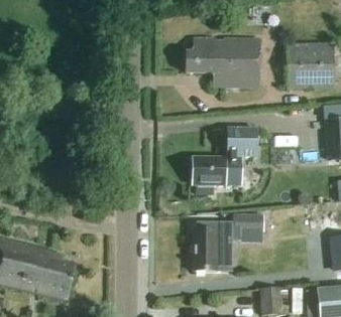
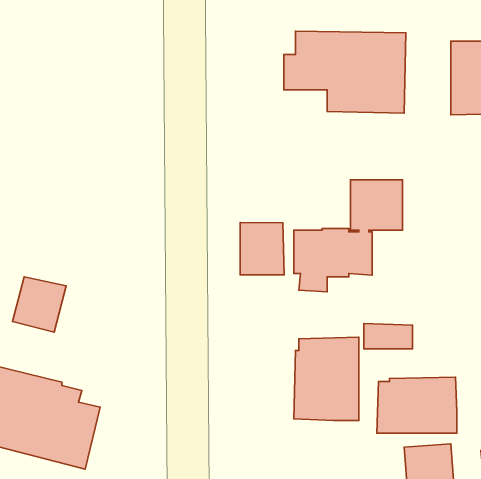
building: none -> [240,223,284,275]
building: none -> [13,277,66,332]
building: none -> [377,377,457,433]

